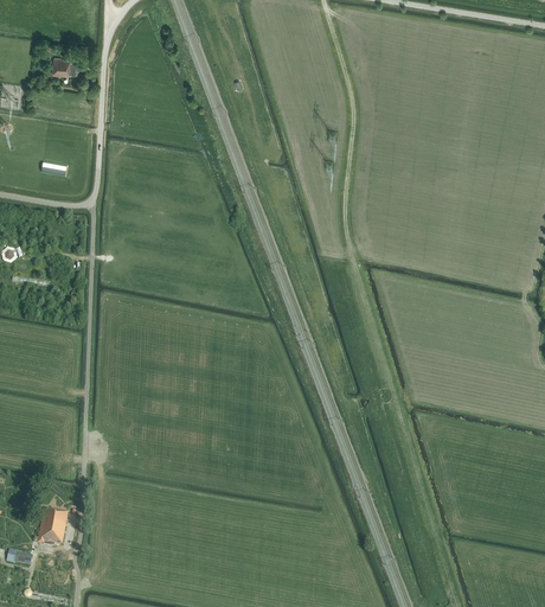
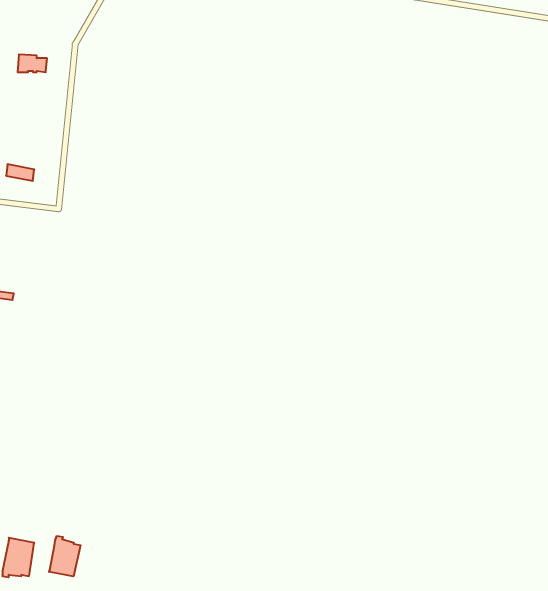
building: none -> [49,536,81,576]

